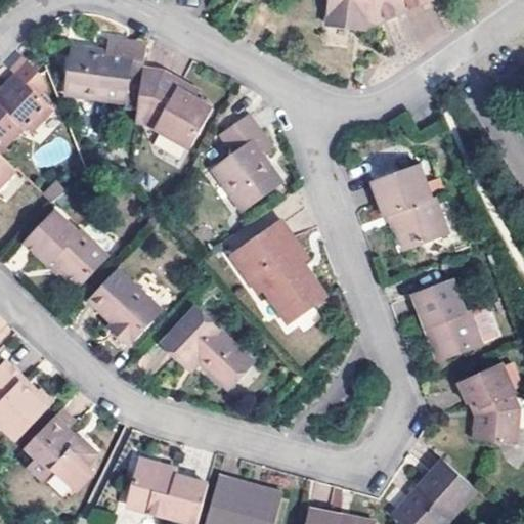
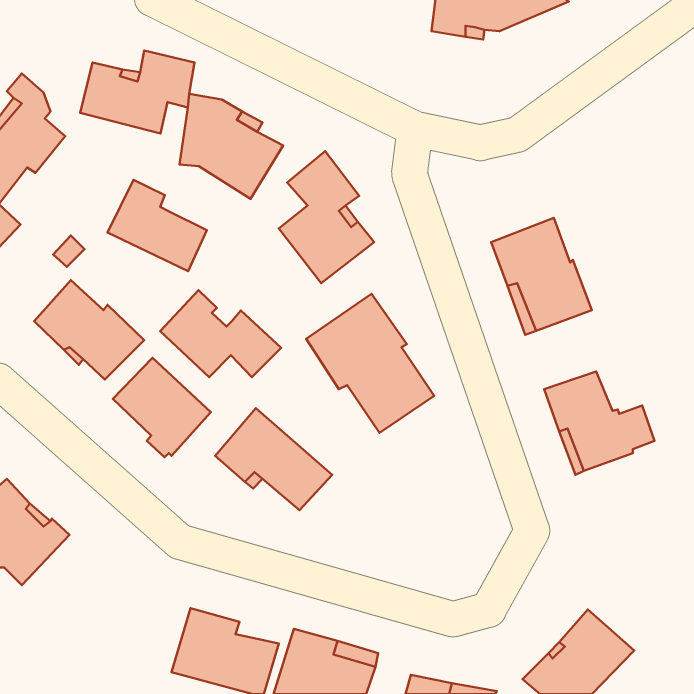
building: none -> [107,180,207,271]
building: none -> [160,290,281,377]
building: [454,360,517,441] -> none
building: [26,410,96,490] -> none

